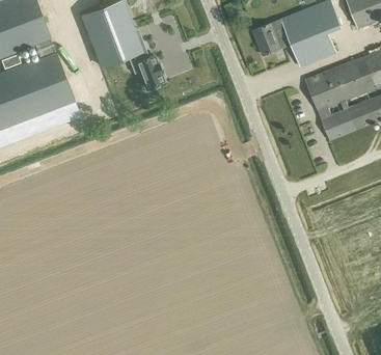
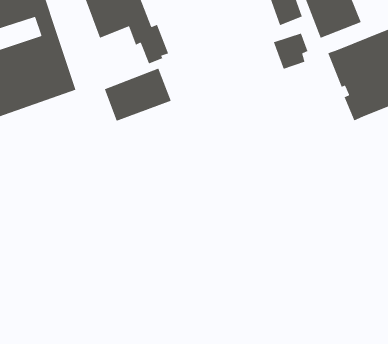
building: none -> [273,32,309,70]
building: none -> [104,67,172,122]

